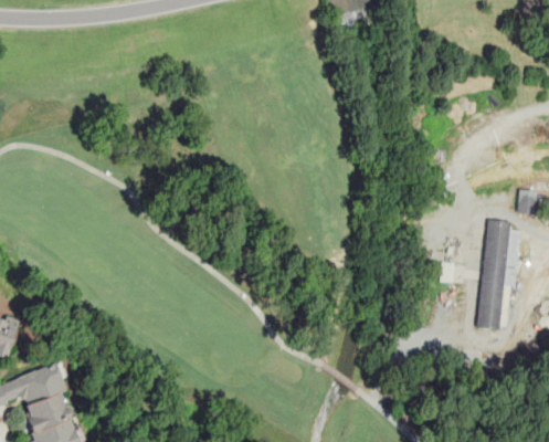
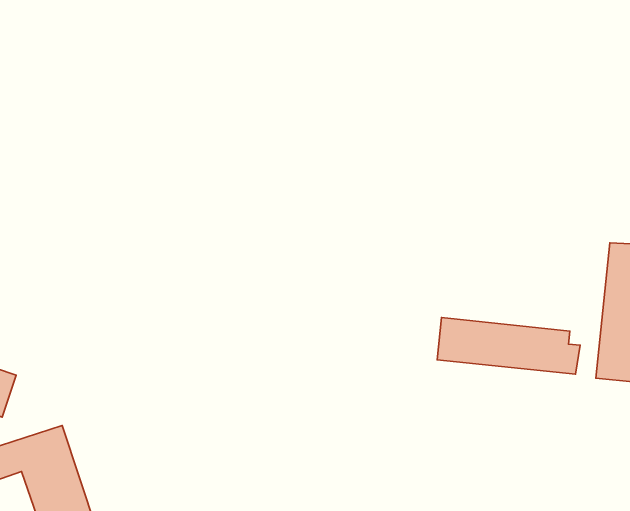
building: none -> [437,317,580,374]

